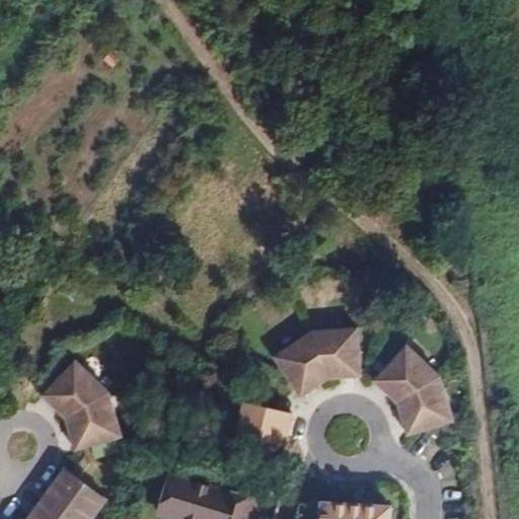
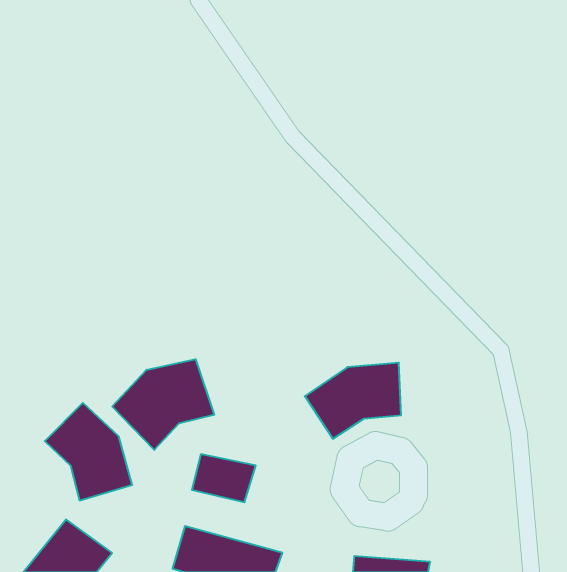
building: none -> [112,359,214,450]
building: [375,346,454,434] -> none
building: [234,403,292,447] -> [192,454,256,502]

